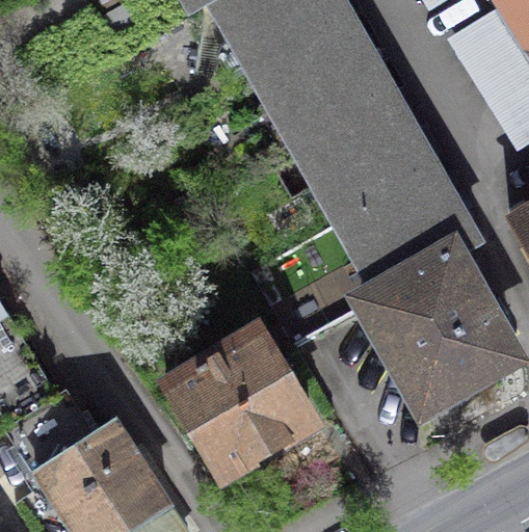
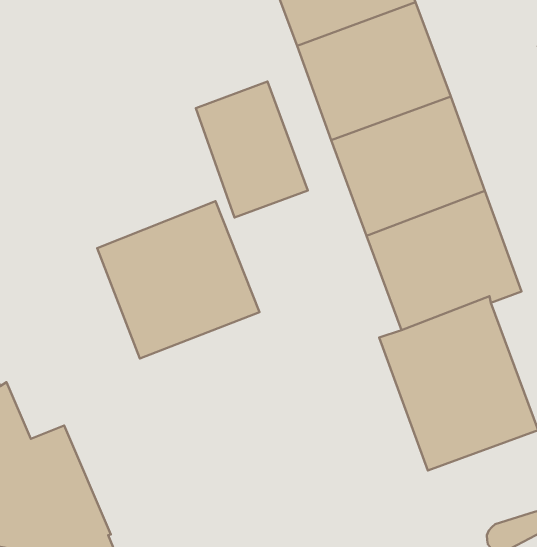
building: none -> [196,81,308,217]
building: none -> [97,201,259,359]
building: [164,331,311,476] -> none

